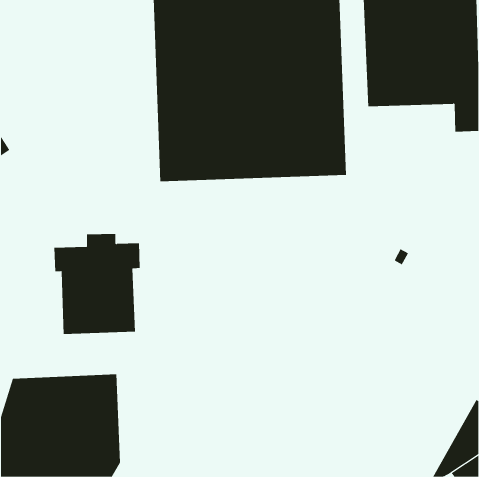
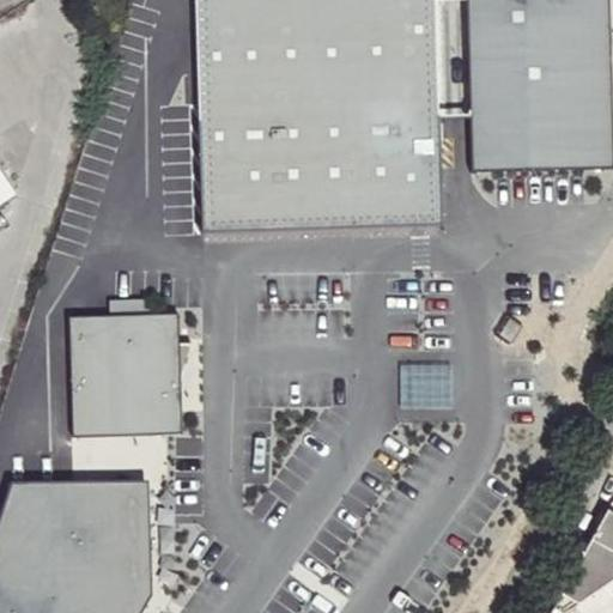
building: none -> [469,133,581,174]
building: none -> [69,342,193,436]

